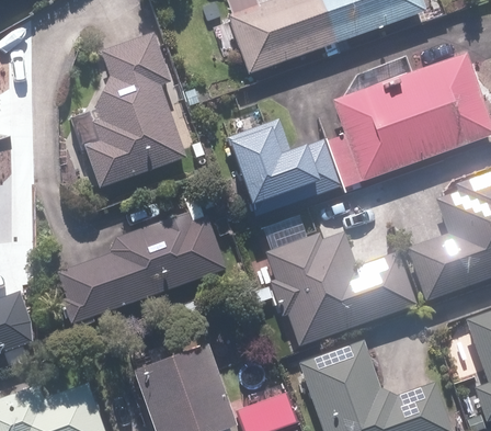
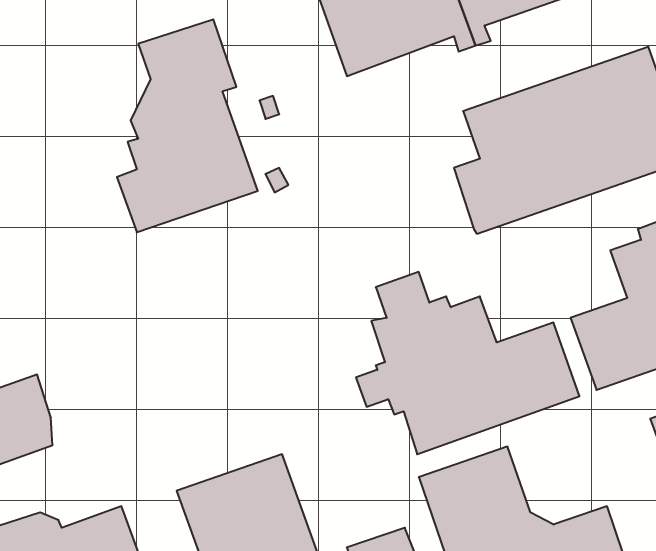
building: [224,121,340,216] -> none
building: [58,194,226,322] -> none

